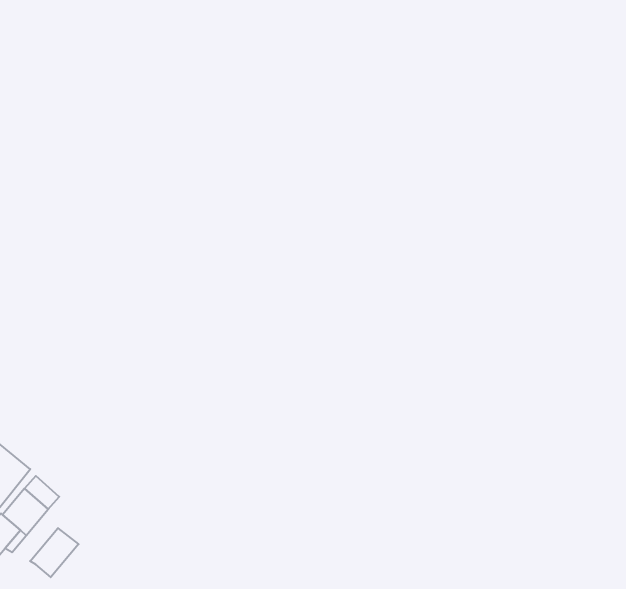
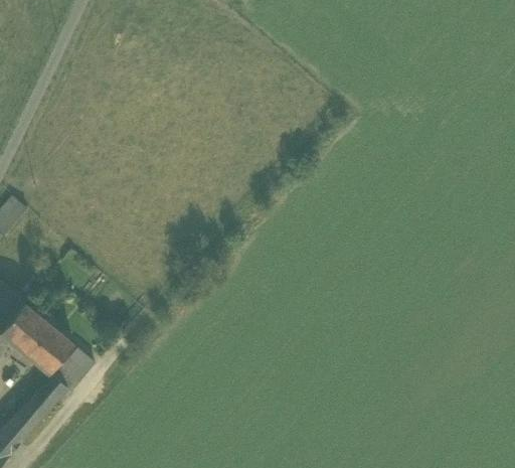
building: [30,528,79,577] -> none

